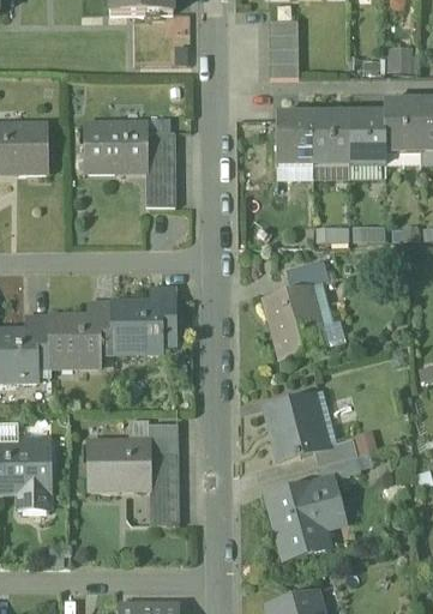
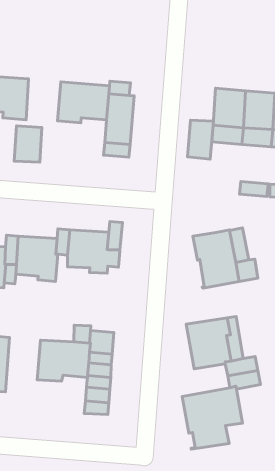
building: [267,19,297,76] -> none
building: none -> [187,120,213,159]
building: none -> [14,126,42,162]
building: [285,259,329,290] -> none

